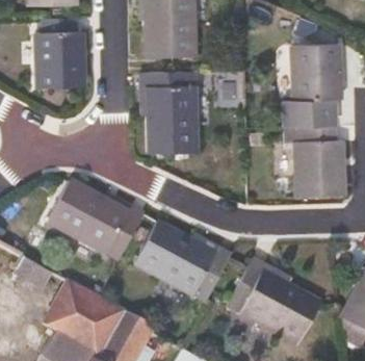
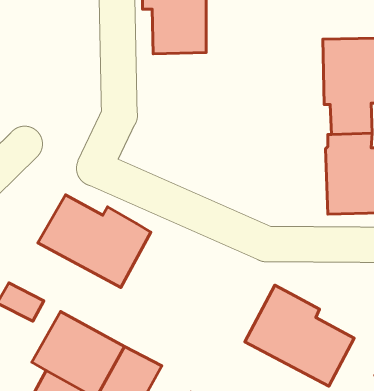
building: [35,17,83,86] -> none
building: [139,70,194,153] -> none
building: [134,222,231,302] -> none

